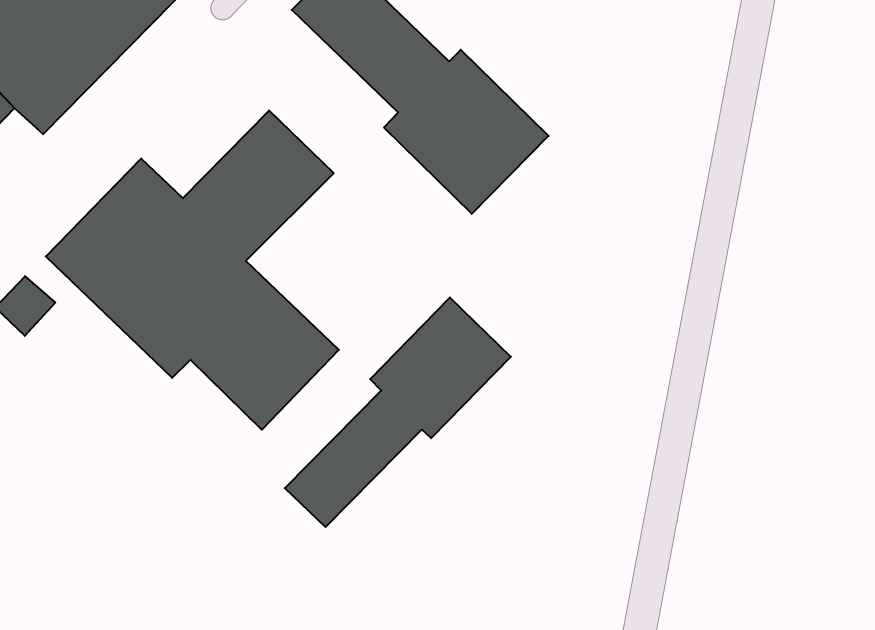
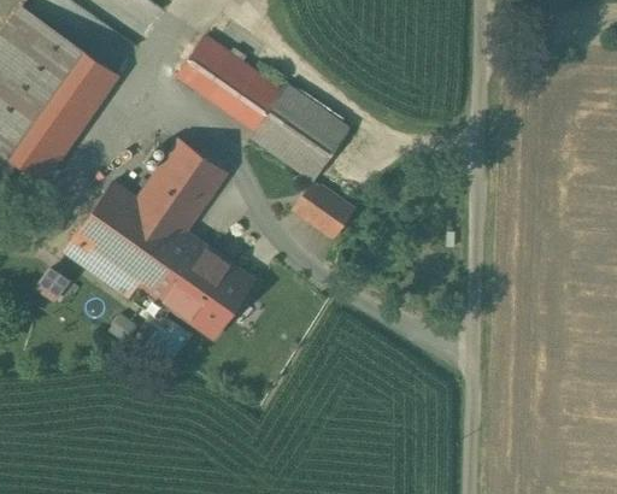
building: none -> [299,183,359,239]
building: [285,297,511,527] -> none

